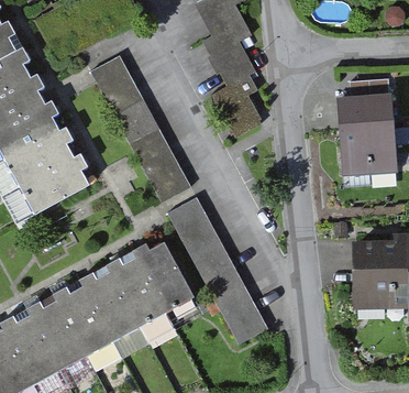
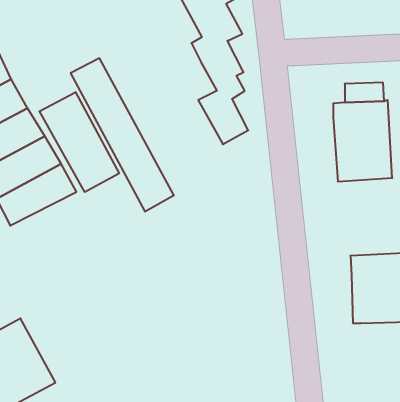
building: none -> [39,92,119,192]
building: [166,196,267,343] -> none
building: [43,240,196,363] -> none

